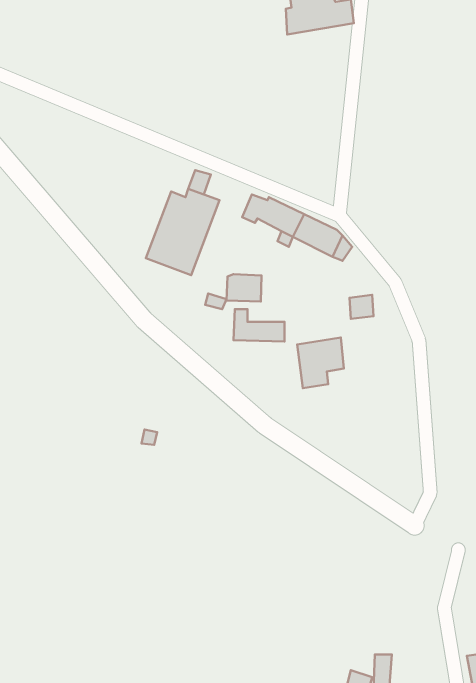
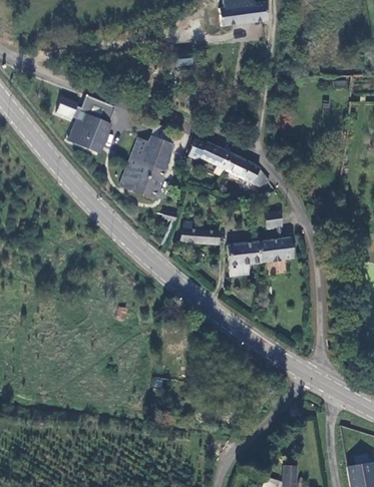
building: none -> [57,97,115,153]
building: [226,274,262,301] -> none
building: none -> [259,235,293,263]

